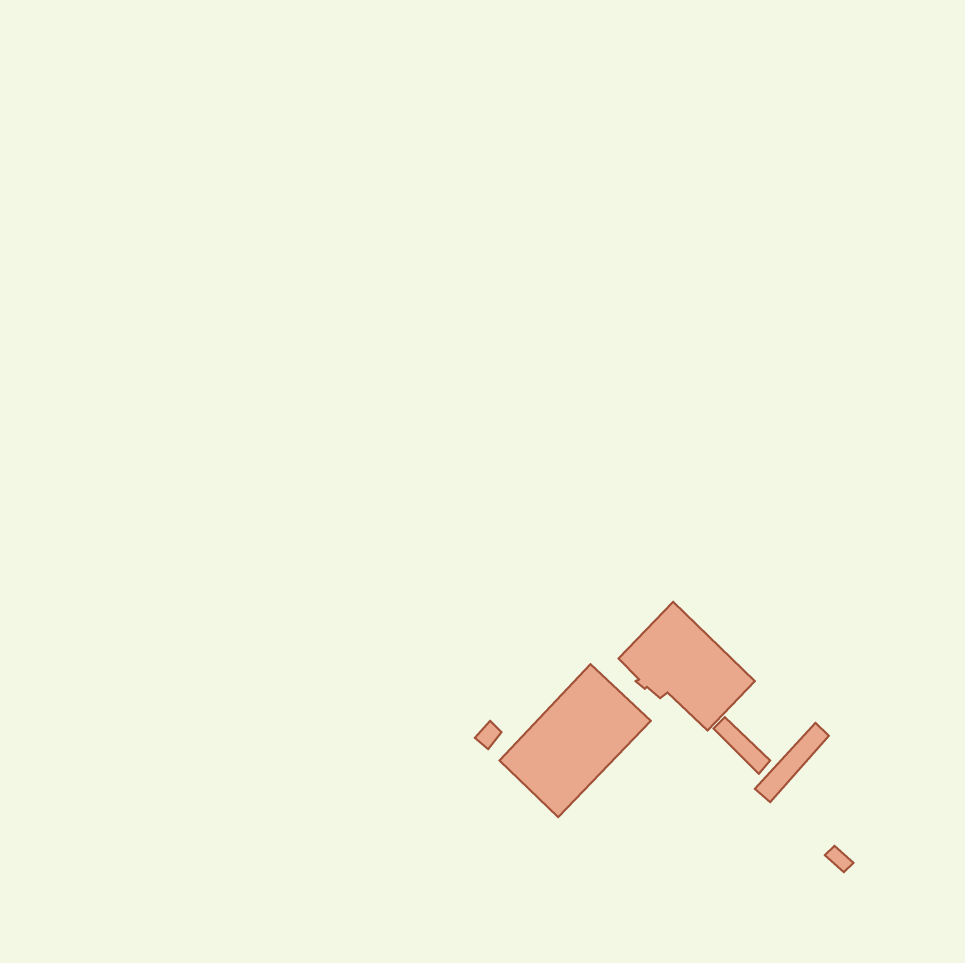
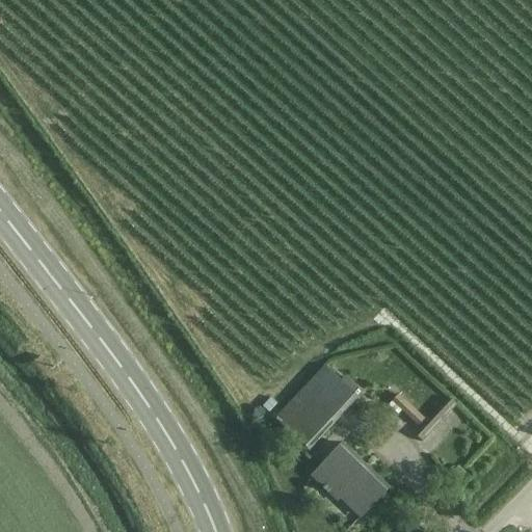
building: [618,602,755,730] -> [312,444,387,514]

